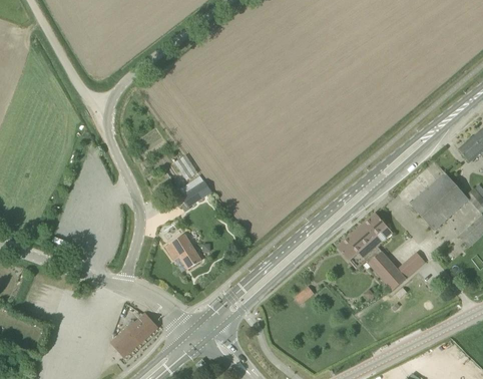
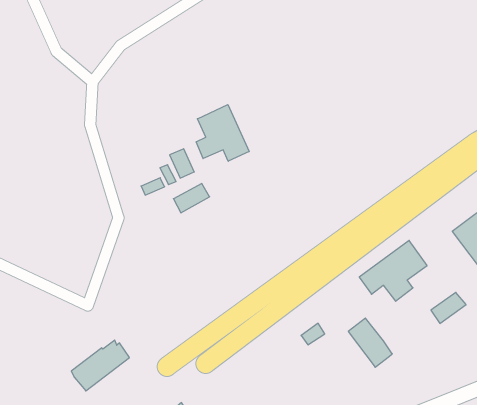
building: none -> [196,105,249,161]
building: [166,235,201,269] -> none
building: [369,252,406,291] -> [348,318,392,367]

